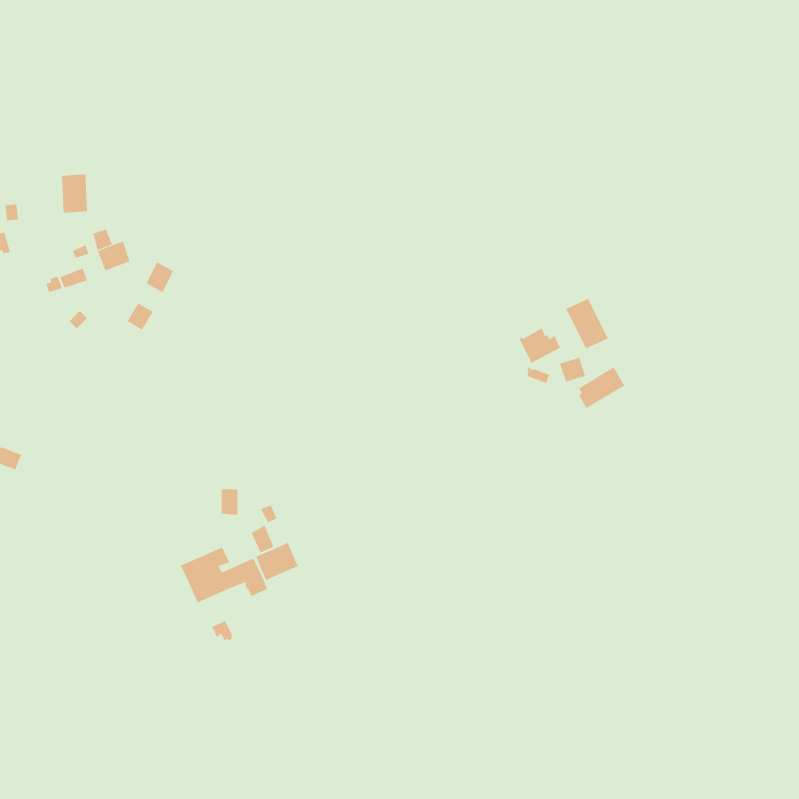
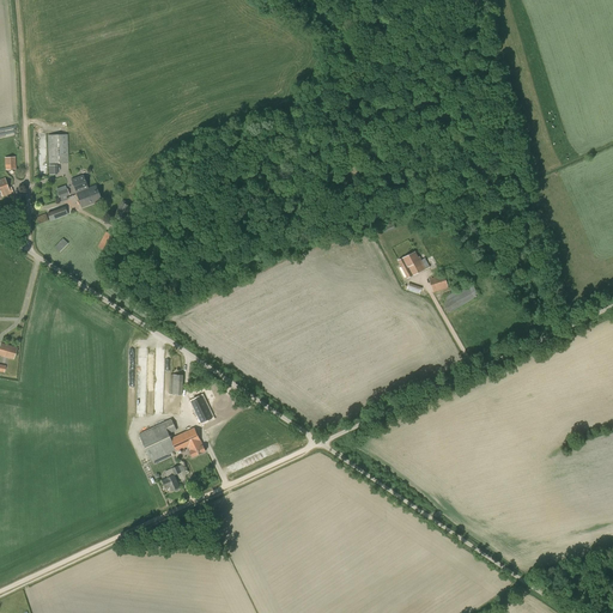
building: [565,298,608,349] -> none
building: [256,542,298,581] -> none

